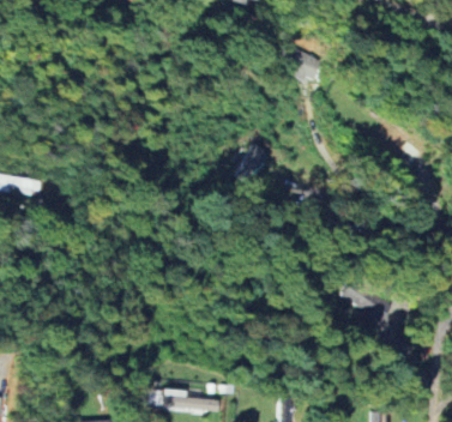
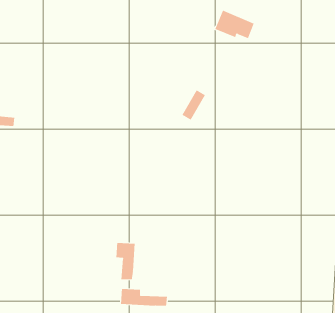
building: none -> [116,242,135,280]

